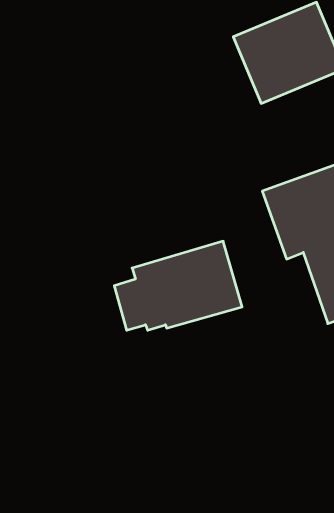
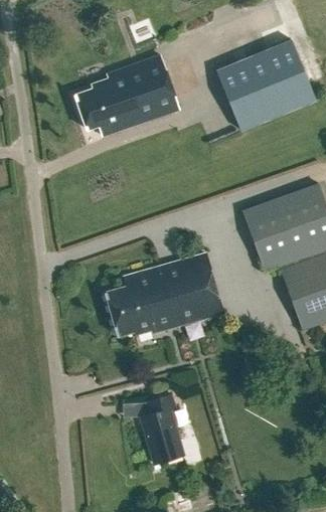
building: none -> [76,57,180,137]
building: none -> [141,394,185,465]

